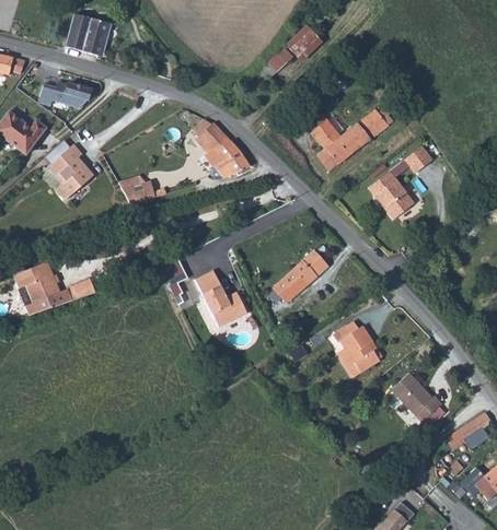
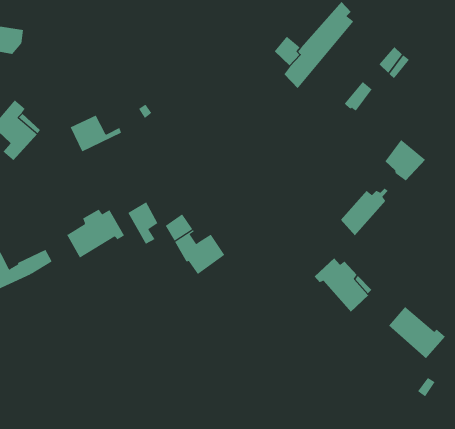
building: [201,126,251,178] -> none
building: [383,180,420,219] -> [384,139,426,181]
building: none -> [66,209,125,258]
building: [274,262,321,302] -> [340,188,389,236]

